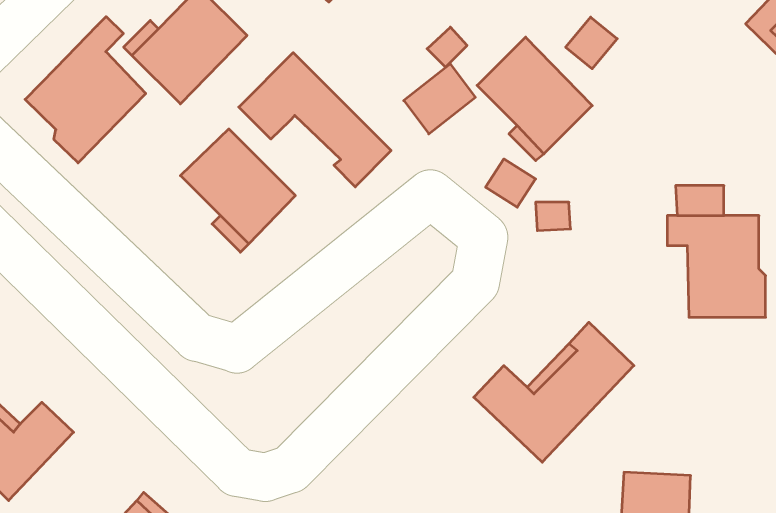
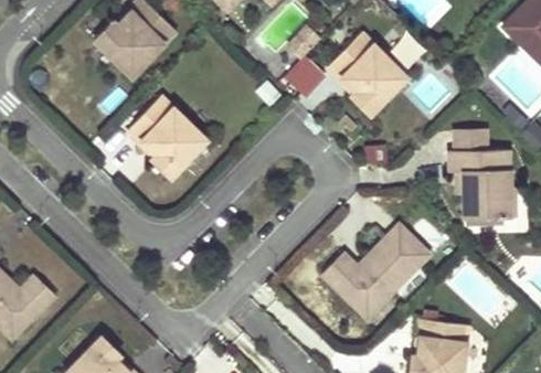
building: [25,17,146,163] -> none
building: [239,53,391,187] -> none

